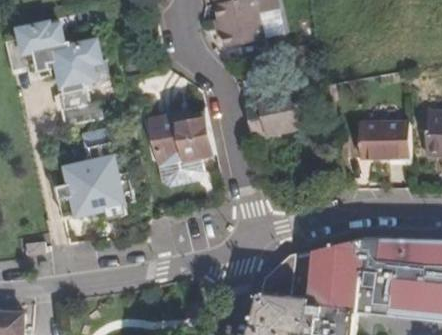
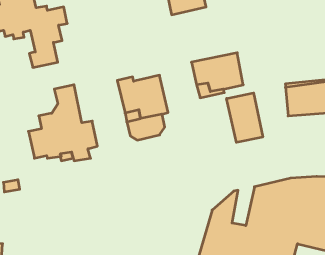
building: none -> [227,93,263,142]

